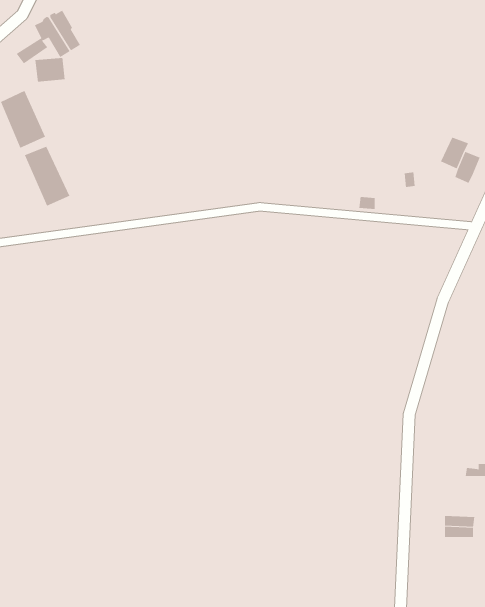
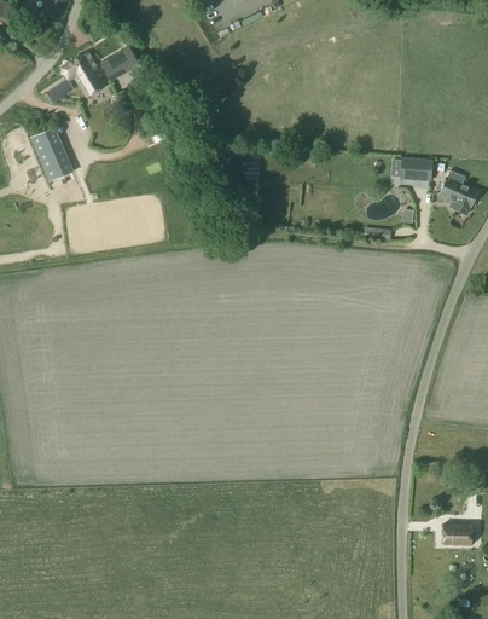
building: [34,57,66,82] -> [105,48,134,71]
building: none -> [399,157,431,181]
building: [24,146,70,206] -> none

